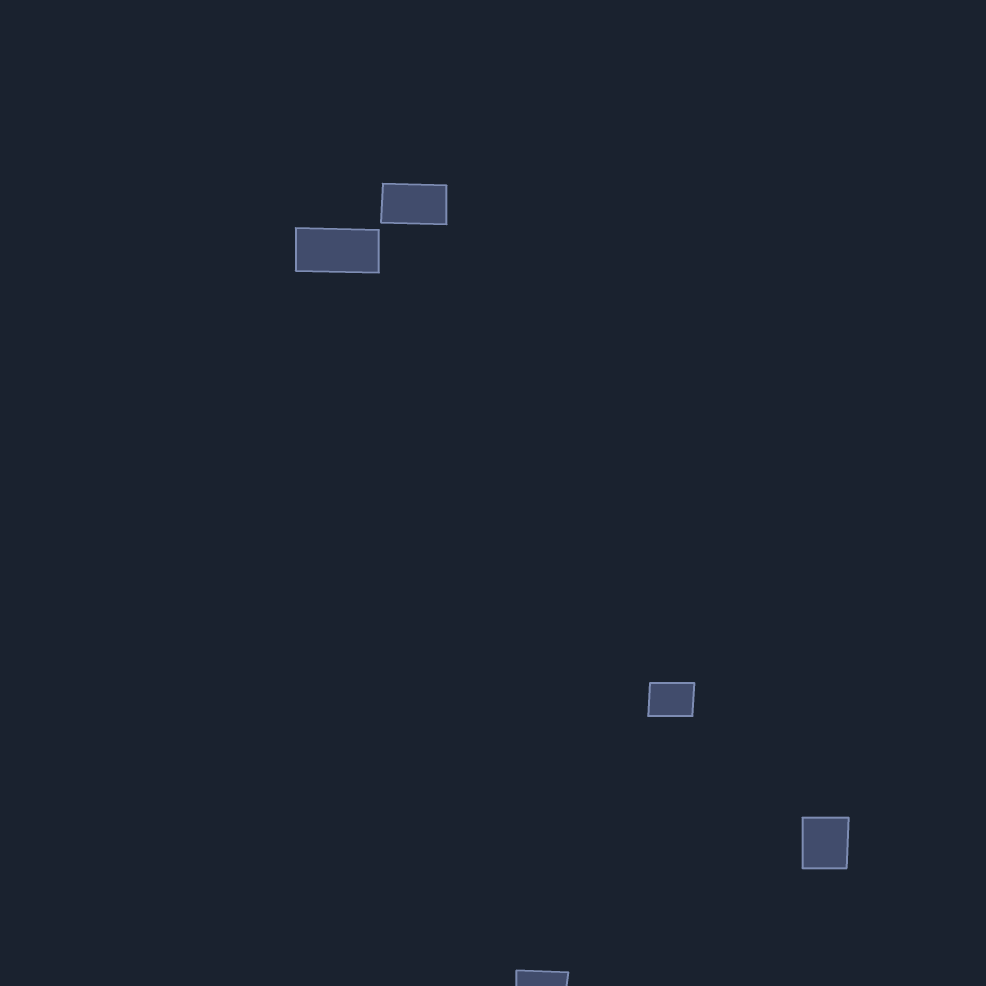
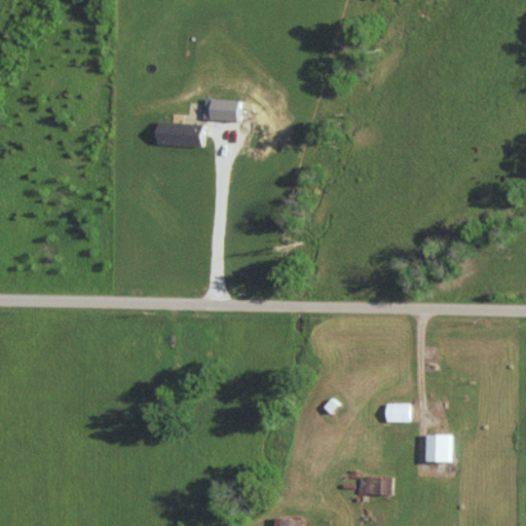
building: [648,683,694,716] -> [385,404,410,421]
building: none -> [359,477,391,494]

